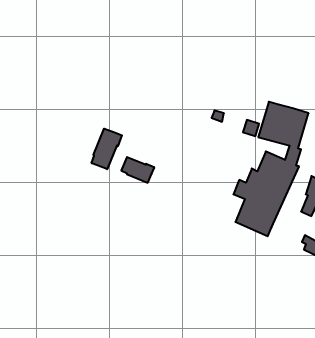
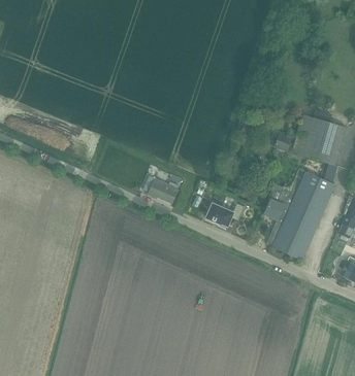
building: [92,129,122,169] -> none
building: none -> [206,204,245,227]

